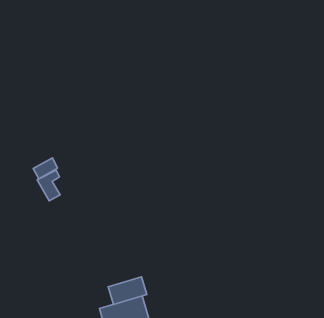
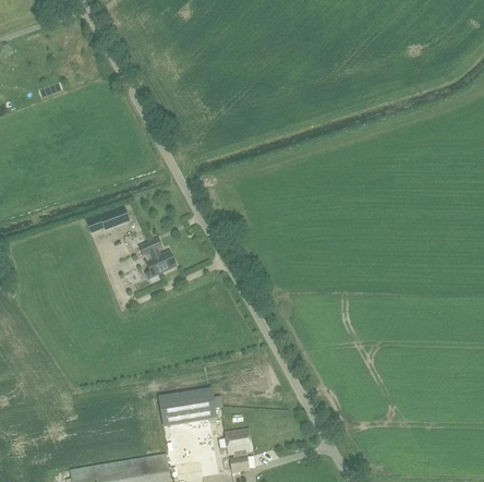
building: none -> [140,237,178,272]
building: [108,277,147,304] -> none

